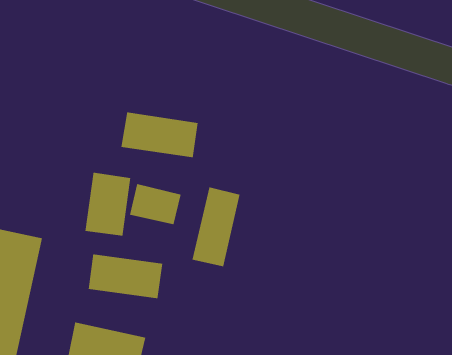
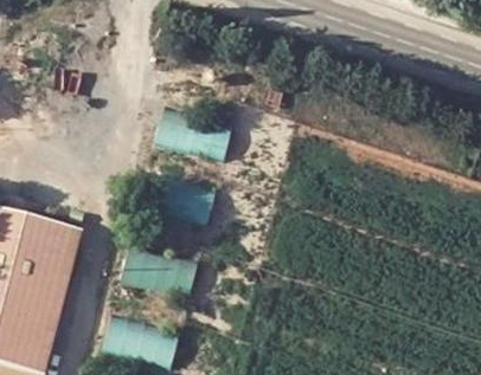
building: [85,172,131,236] -> none
building: [192,186,240,267] -> none

